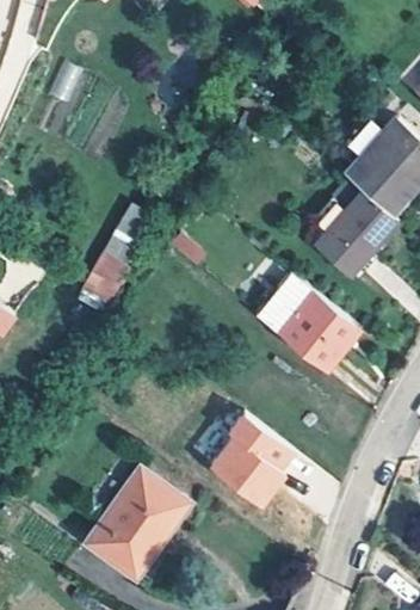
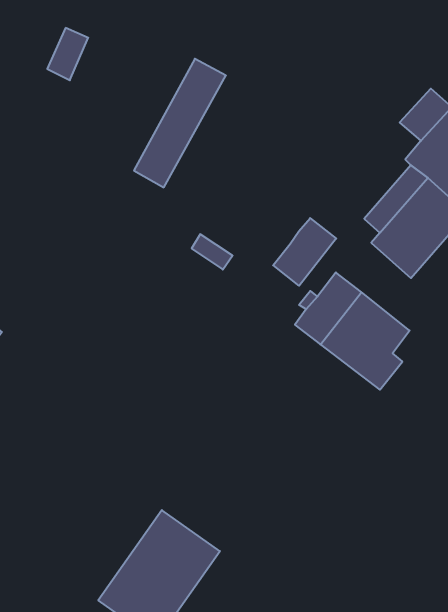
building: [76,207,154,315] -> [134,59,226,187]
building: none -> [273,218,336,286]
building: [203,419,299,513] -> none

